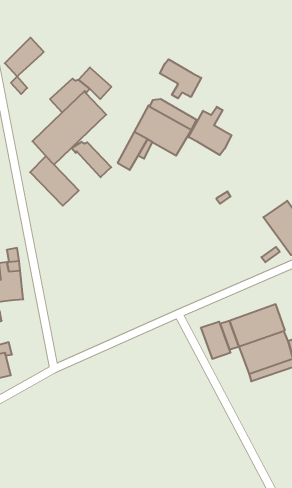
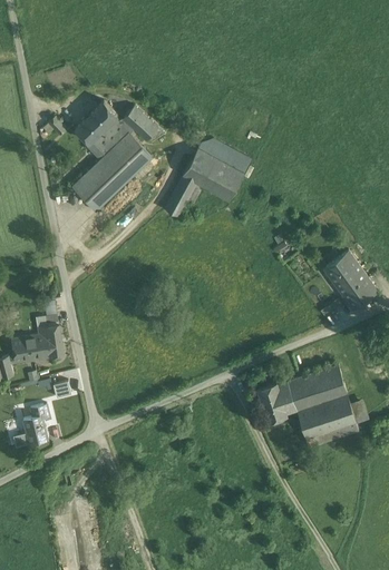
building: [5,38,44,77] -> [75,101,117,144]
building: [160,59,201,98] -> none
building: [188,107,232,155] -> none
building: [71,142,111,177] -> none
building: [30,156,79,206] -> none

